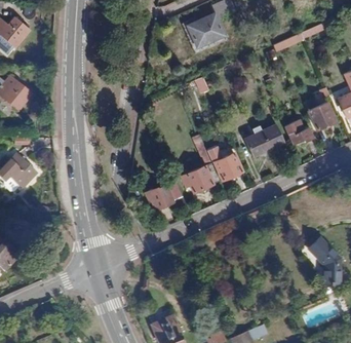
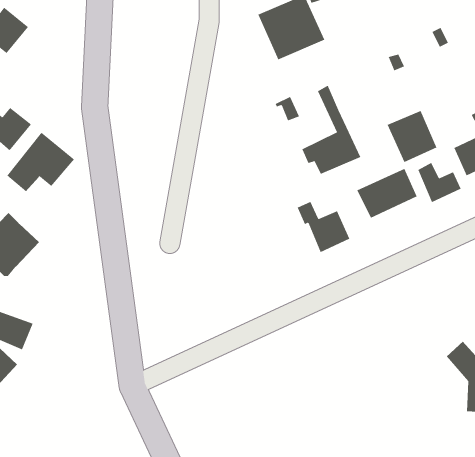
building: none -> [387,110,437,163]
building: none -> [7,132,75,192]
building: [181,132,220,191] -> [302,85,361,174]
building: [144,183,183,206] -> none

